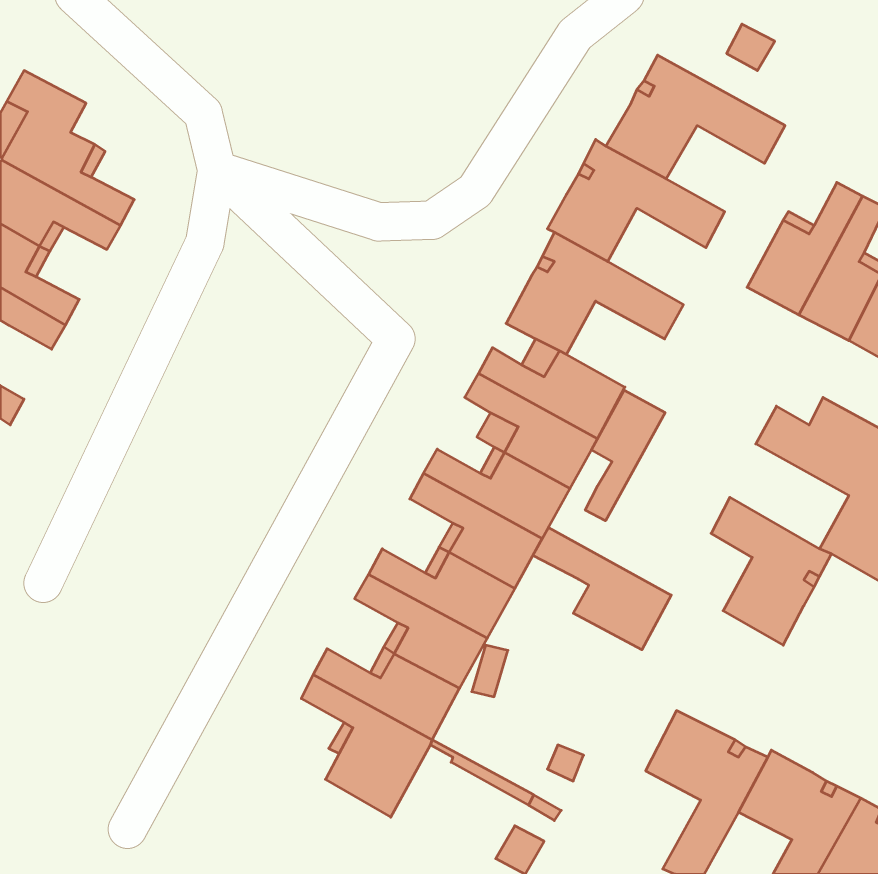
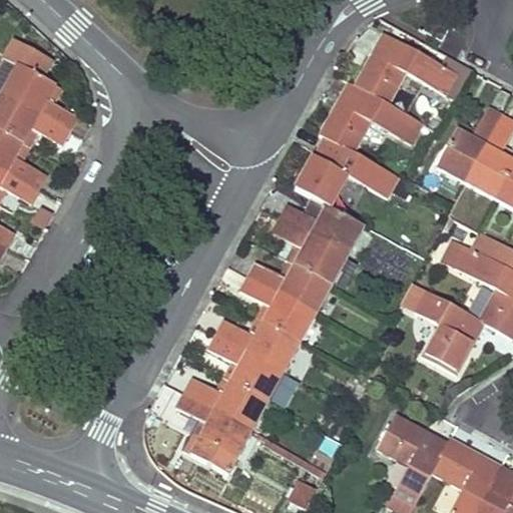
building: [585,390,665,521] -> none
building: [533,527,671,650] -> none

